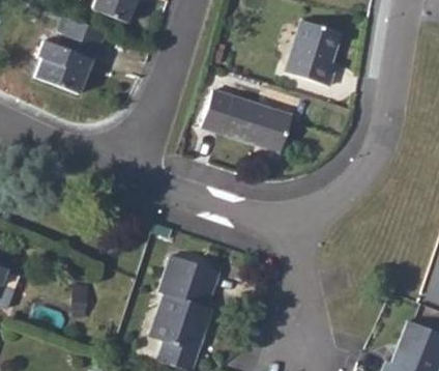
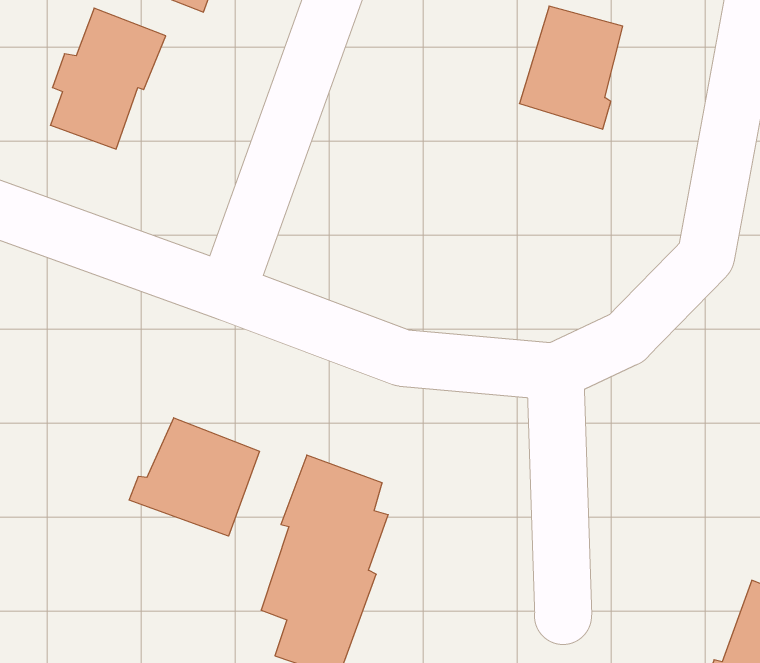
building: [203,93,291,153] -> none
building: none -> [129,418,259,536]

